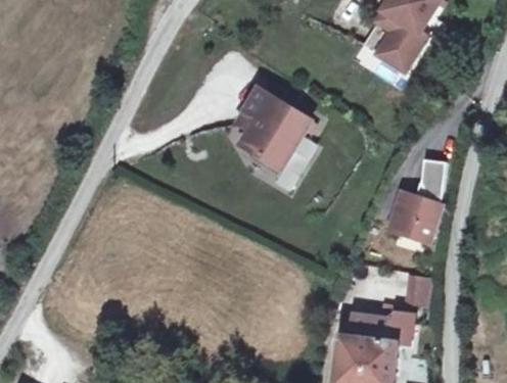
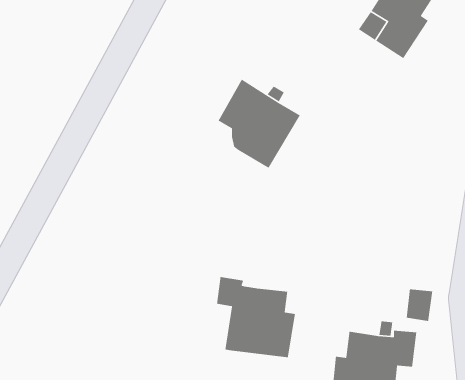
building: [394,159,447,241] -> none
building: none -> [216,276,296,358]

